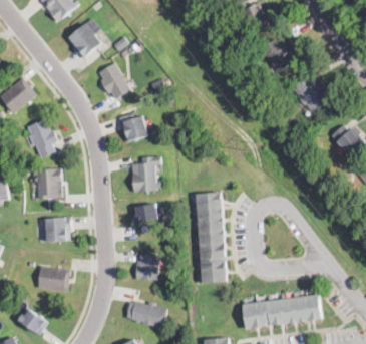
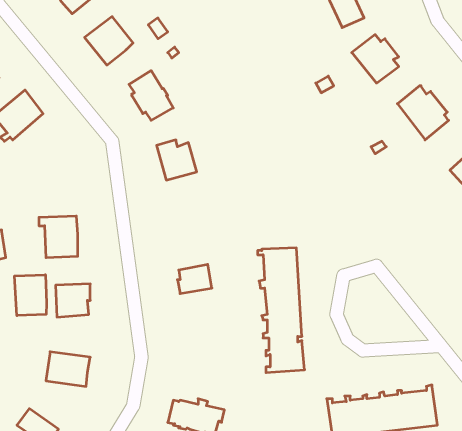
building: [27,119,58,158] -> none
building: [131,156,161,192] -> none
building: none -> [15,275,47,316]
building: [135,256,160,280] -> none

